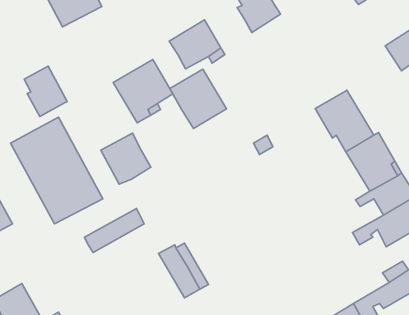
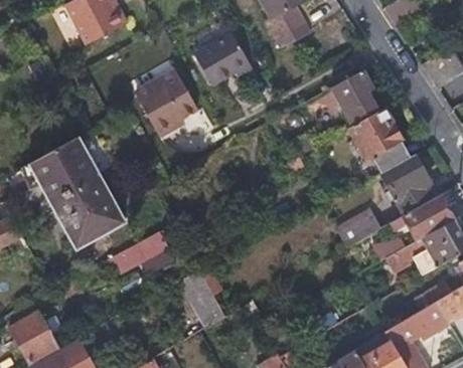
building: none -> [305,68,378,149]
building: [24,66,67,117] -> none
building: [170,69,227,128] -> none
building: [101,133,151,184] -> none
building: none -> [337,210,381,248]

